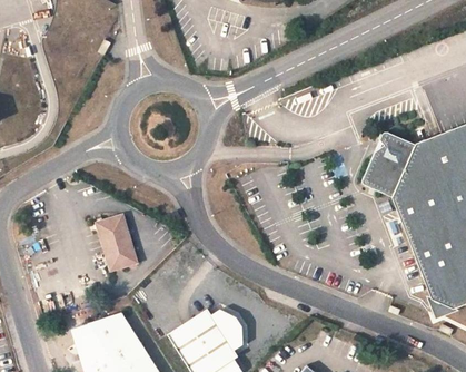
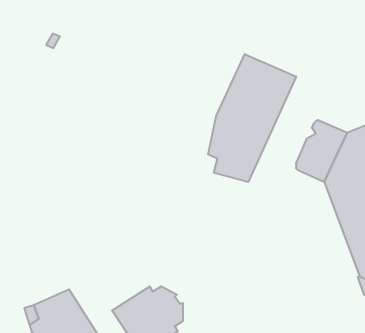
building: none -> [208,54,296,182]
building: [97,216,136,270] -> none

